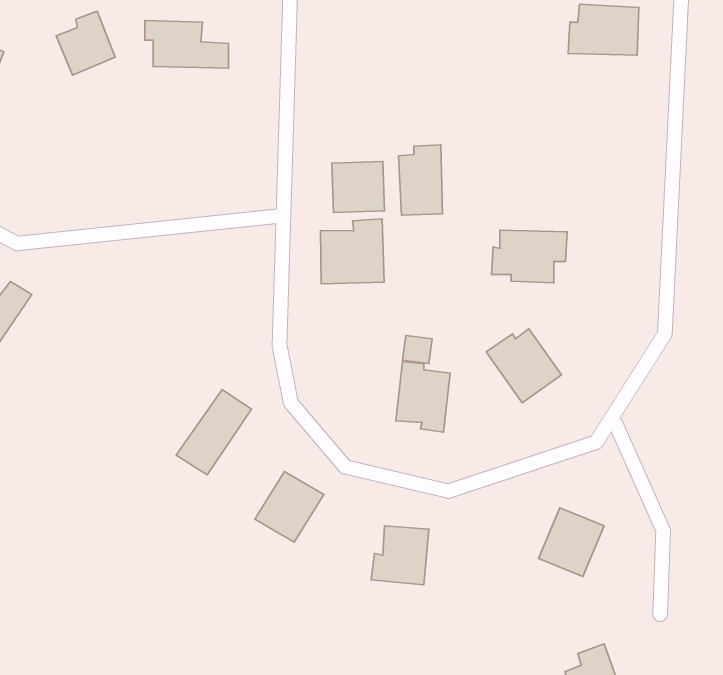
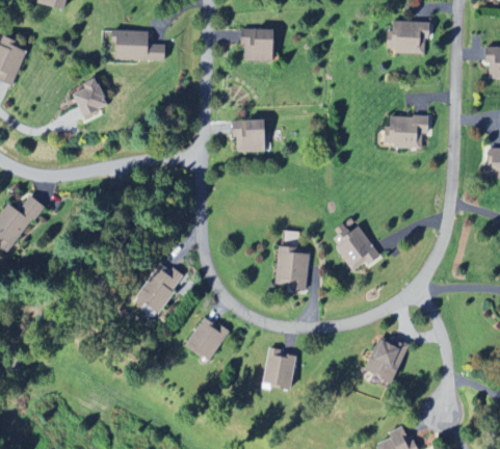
building: [56,11,115,75] -> [76,78,113,118]
building: none -> [240,28,275,61]
building: [398,145,443,215] -> none
building: [320,219,384,284] -> none
building: [492,230,567,283] -> [383,115,430,149]

